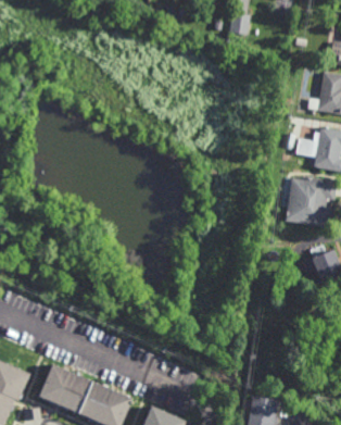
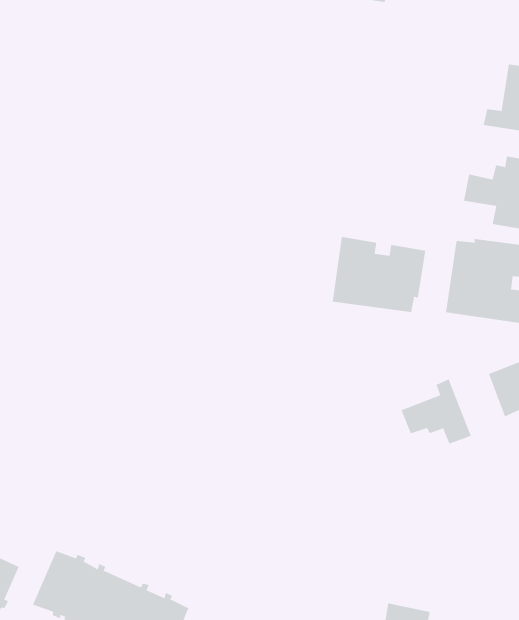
building: none -> [332,236,426,313]
building: none -> [401,379,471,444]

